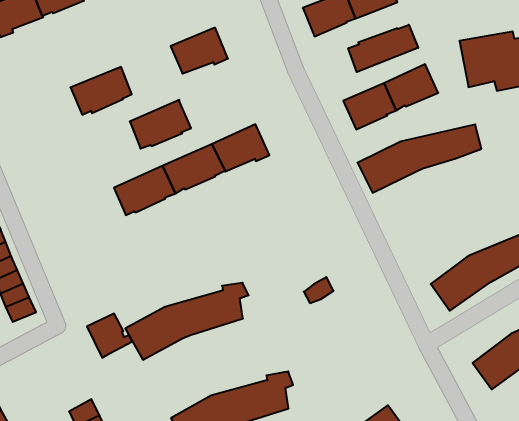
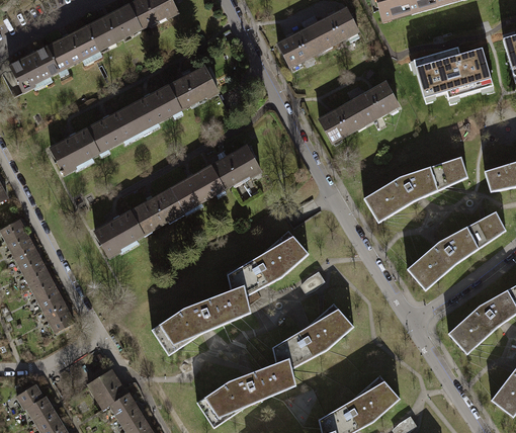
building: [348,25,418,72] -> none
building: none -> [51,128,100,173]
building: [130,100,191,149] -> [128,85,181,129]
building: [357,124,481,193] -> [364,156,468,222]
building: none -> [95,210,144,256]
building: none -> [228,230,309,291]
building: [87,314,132,358] -> [89,369,128,408]
building: none -> [273,302,354,364]

